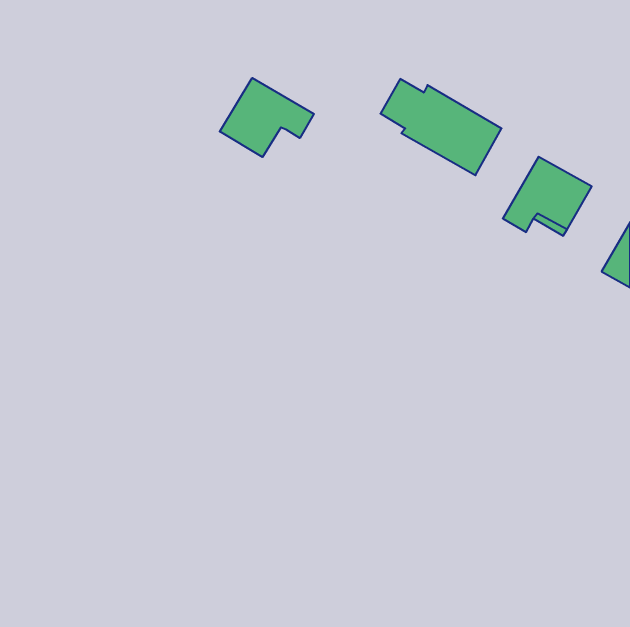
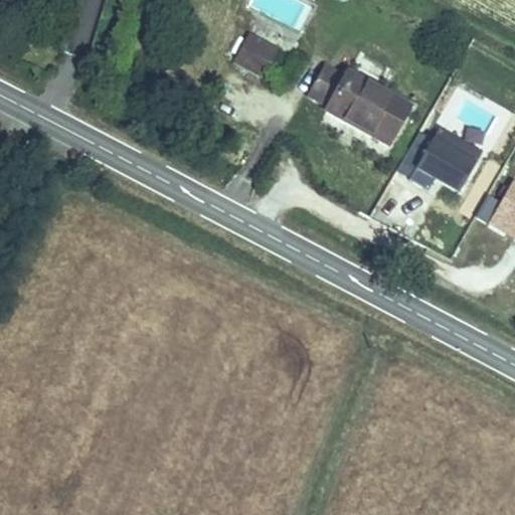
building: none -> [235,26,279,69]
building: [220,78,314,157] -> none

